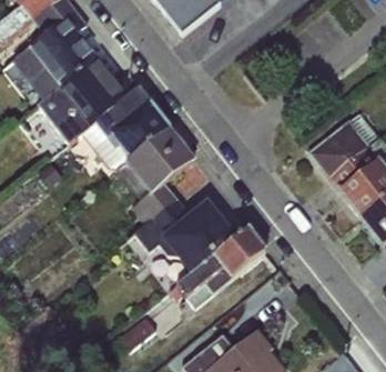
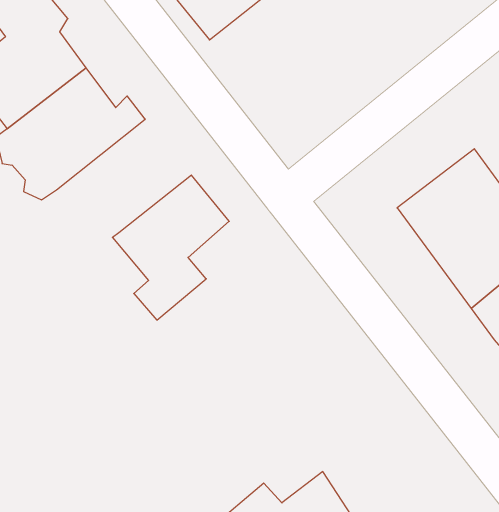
building: [79,91,170,168] -> none
building: [134,199,265,310] -> none

